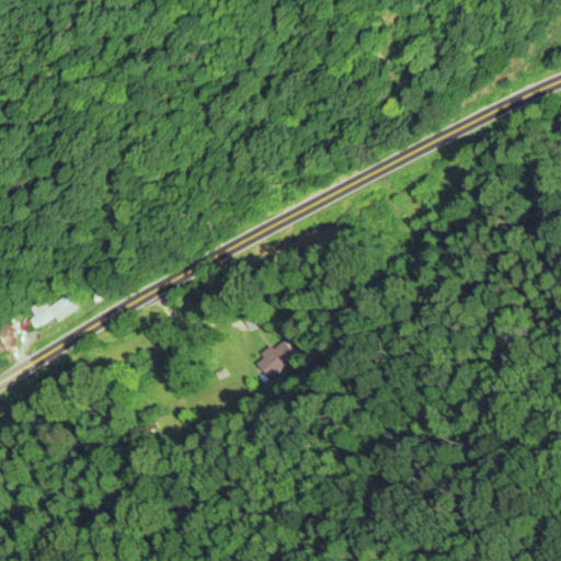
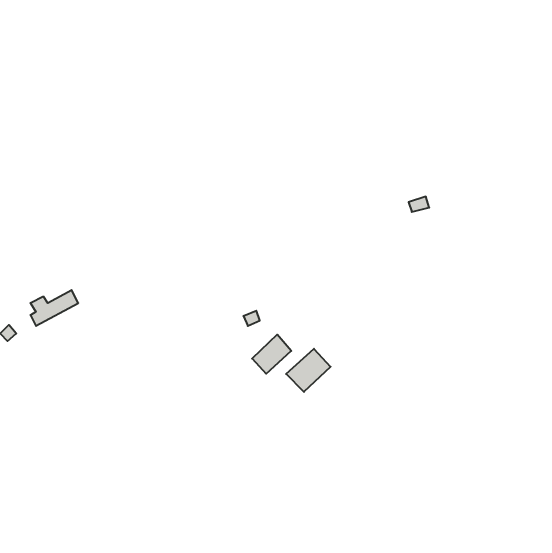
building: none -> [286,349,331,392]

